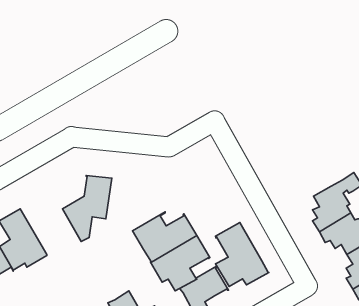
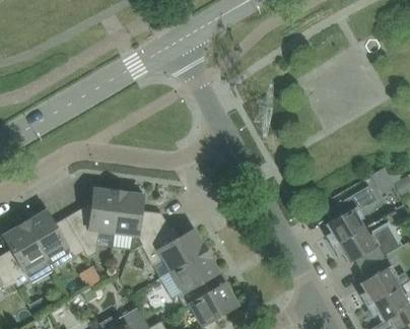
building: none -> [114,191,175,249]
building: none -> [25,209,88,269]
building: [215,222,269,286] -> none

